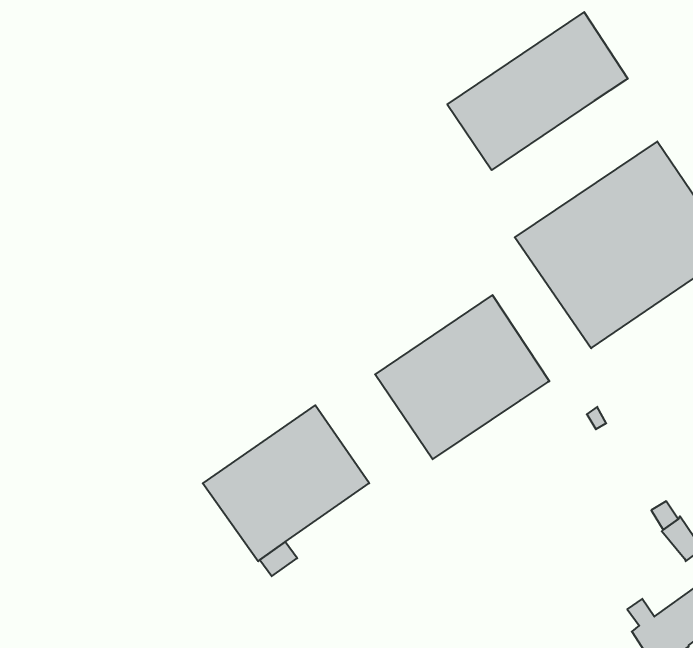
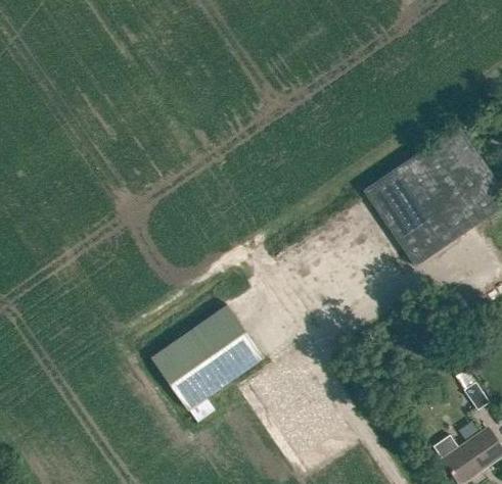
building: [447,12,628,170] -> none
building: [375,295,549,459] -> none

